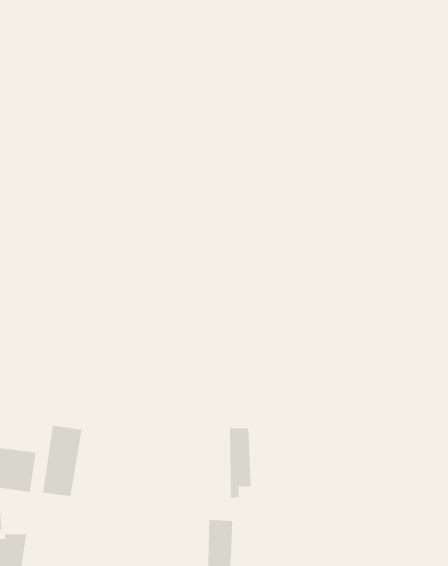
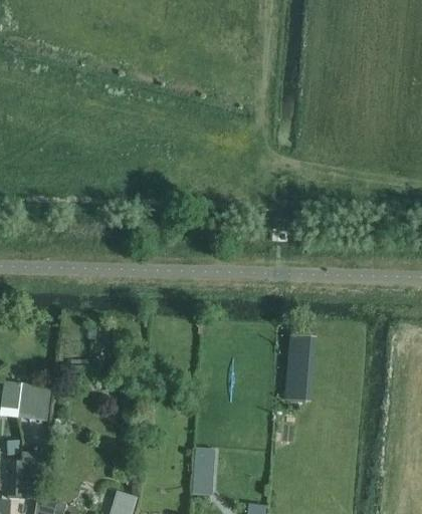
building: [43,425,82,497] -> none
building: [229,428,251,499] -> [296,336,315,397]

